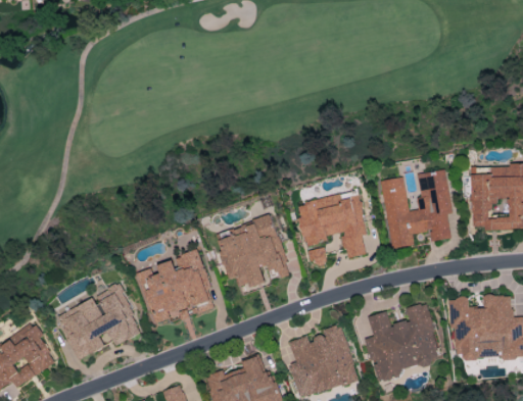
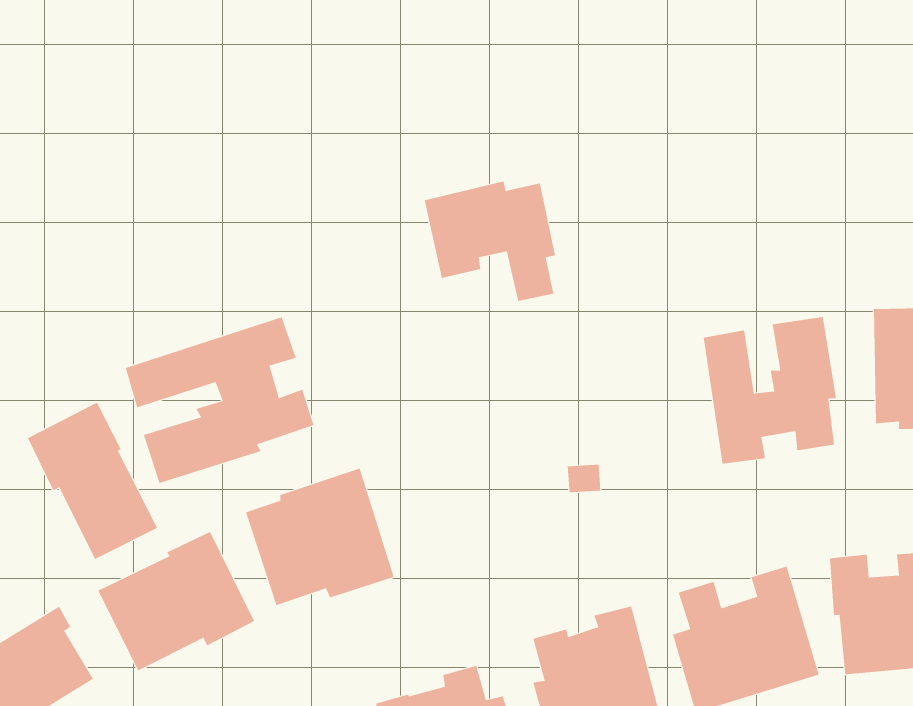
building: none -> [125,317,314,484]
building: [296,194,367,258] -> [424,181,556,302]
building: none -> [27,402,158,560]
building: [217,215,289,287] -> none

